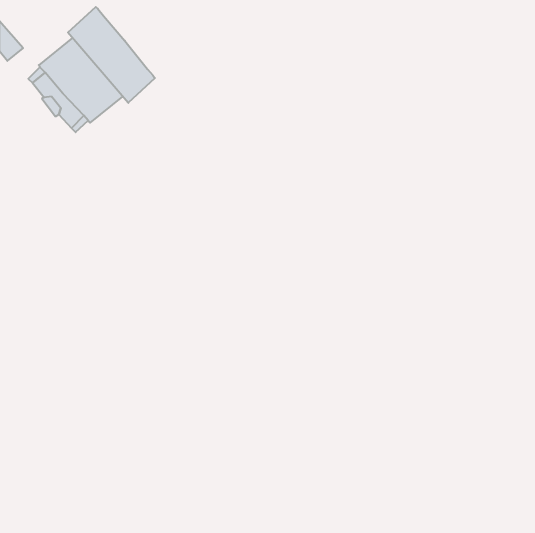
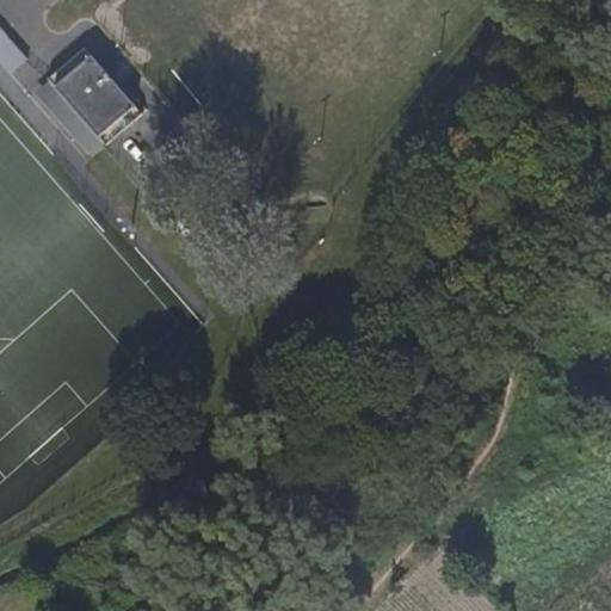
building: [68,7,155,103] -> none

